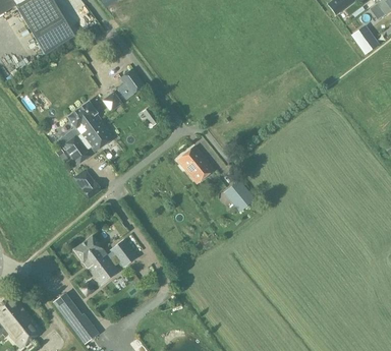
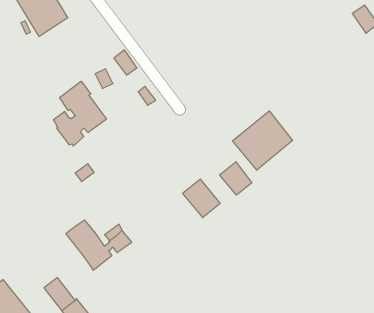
building: none -> [232,111,293,170]
building: [177,144,214,182] -> [183,179,220,218]

